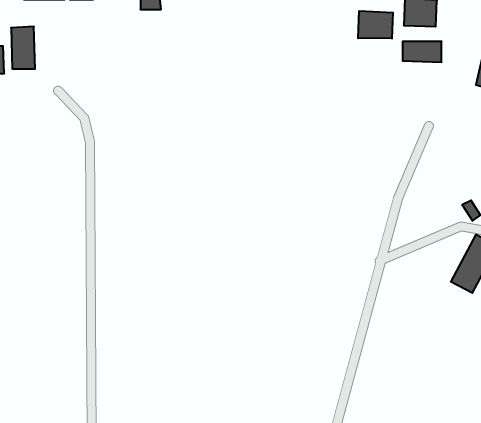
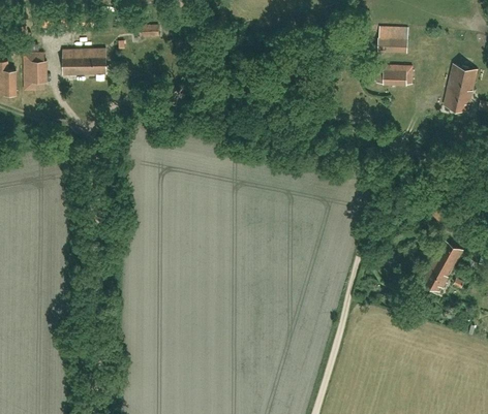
building: [358,11,393,39] -> none
building: none -> [63,50,106,75]

